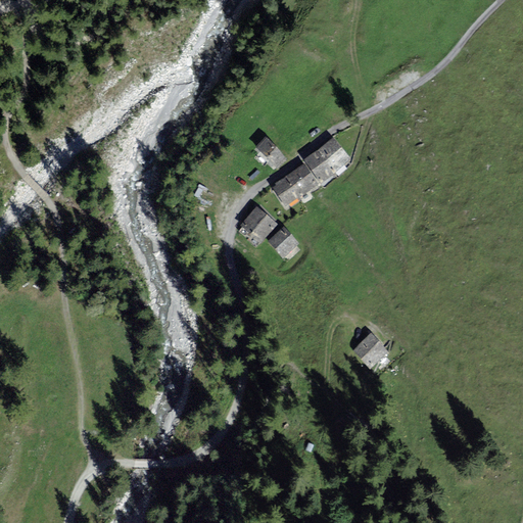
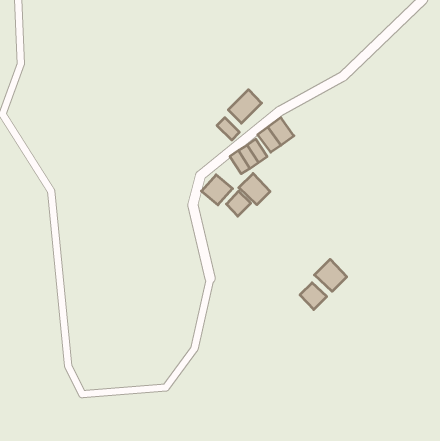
building: none -> [228,90,262,123]
building: none -> [239,173,270,205]
building: none -> [314,259,347,291]

